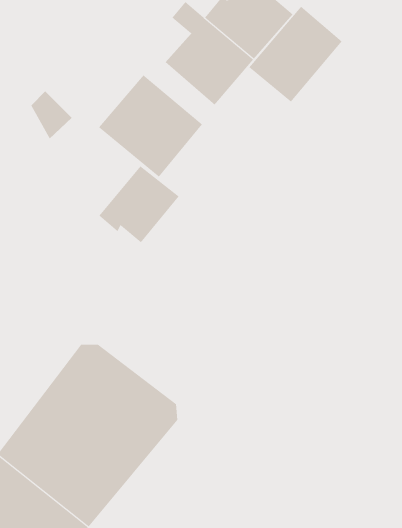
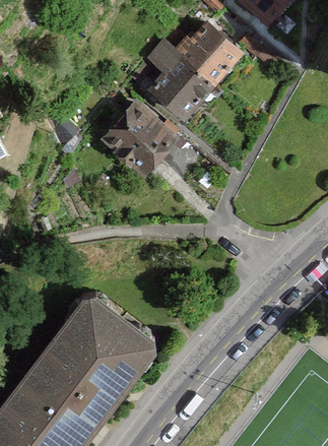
building: [248,6,342,103] -> none
building: [98,165,180,243] -> none

